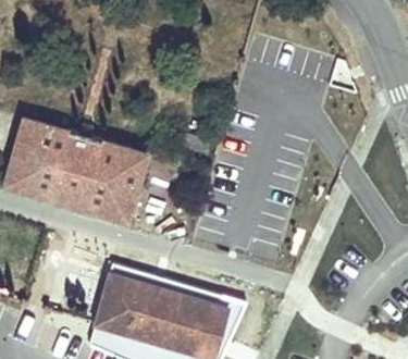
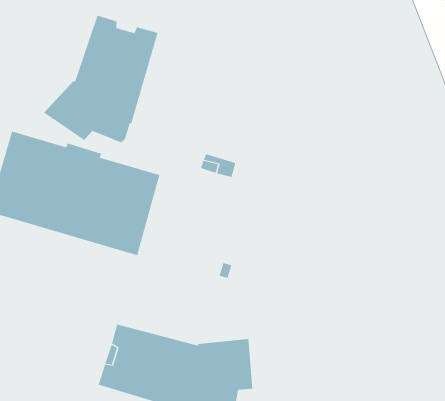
building: none -> [43,15,158,143]

